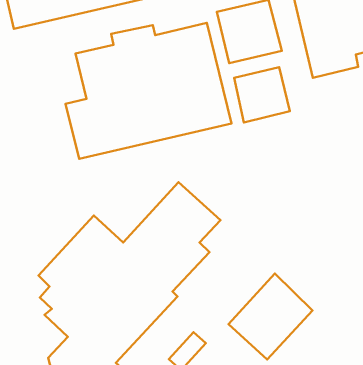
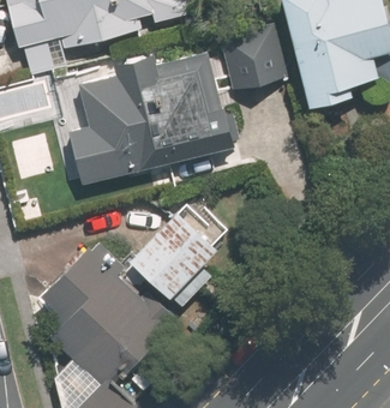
building: [234,67,290,122] -> none
building: [229,274,312,360] -> none

